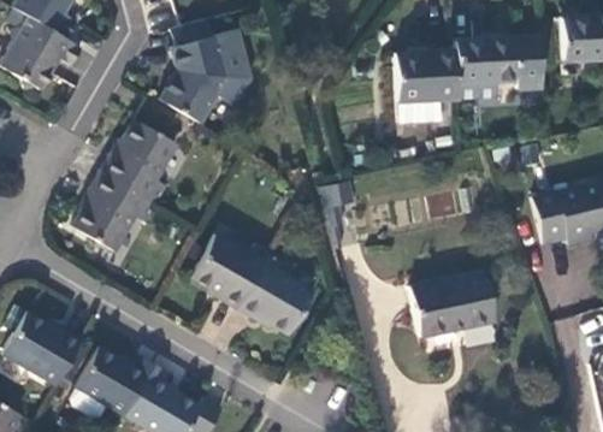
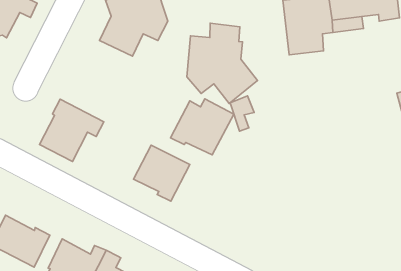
building: none -> [187,23,258,103]
building: [104,120,178,202] -> none
building: [237,262,320,335] -> [171,99,234,155]
building: [408,266,495,333] -> none

